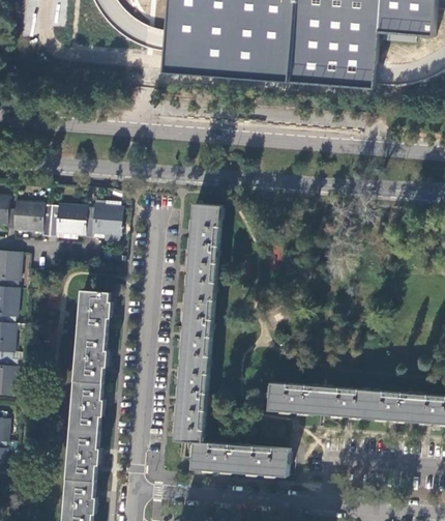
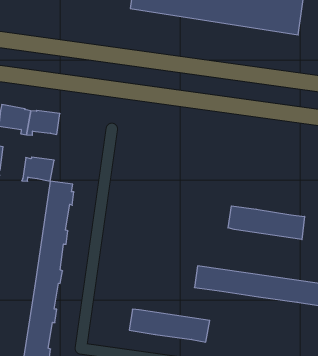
building: [174,204,219,441] -> none
building: [84,205,122,235] -> [22,157,54,181]
building: none -> [228,206,305,240]

